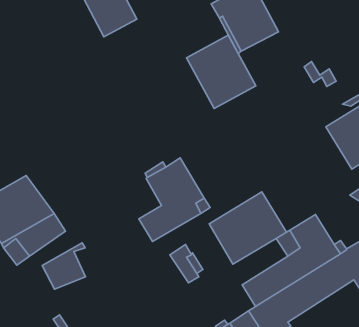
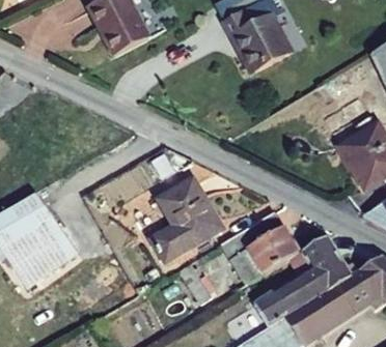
building: [187,35,256,108] -> none
building: [42,243,86,289] -> none

